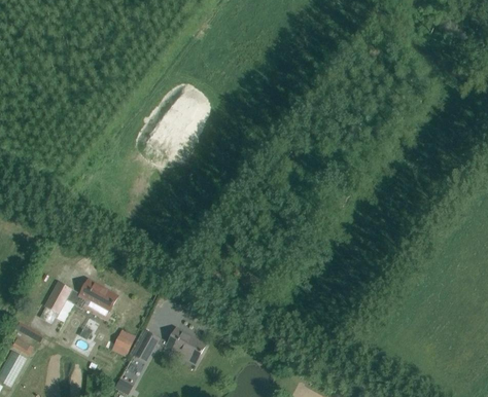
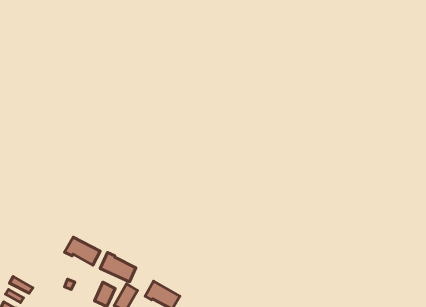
building: [44,282,71,314] -> none
building: none -> [100,253,136,282]

